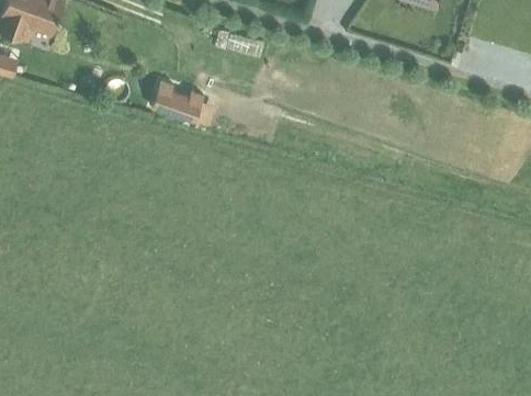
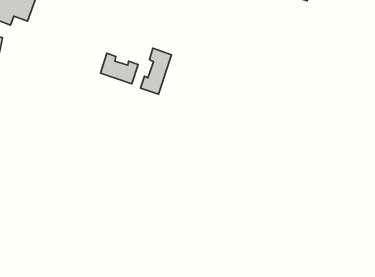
building: none -> [140,48,172,94]

